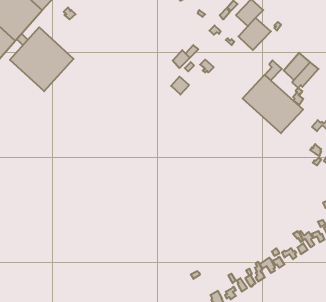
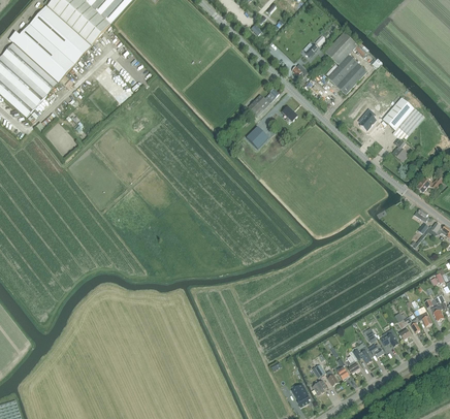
building: [10,27,74,91] -> none
building: [243,75,303,133] -> none

